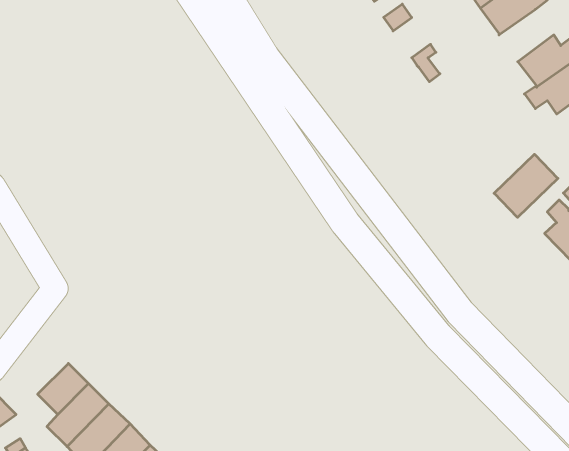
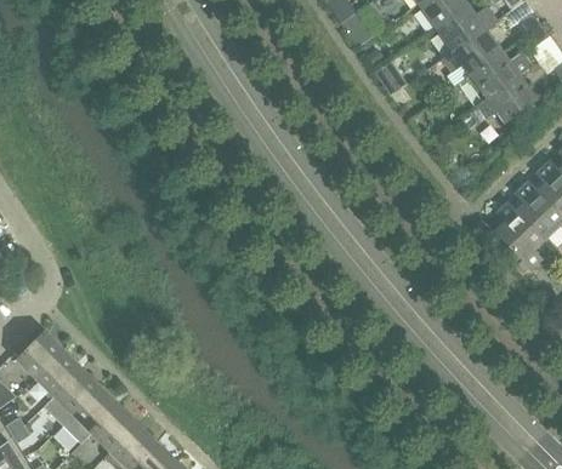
building: none -> [442,30,503,78]
building: [494,154,558,217] -> none
building: none -> [16,331,63,378]

